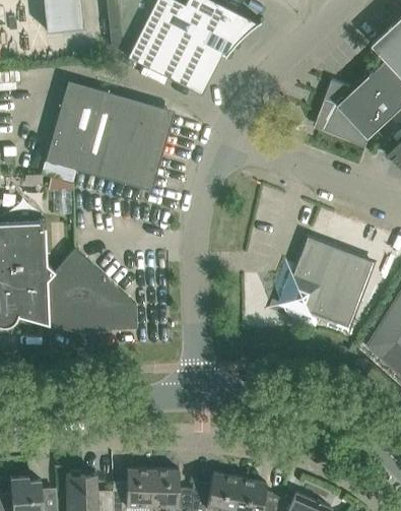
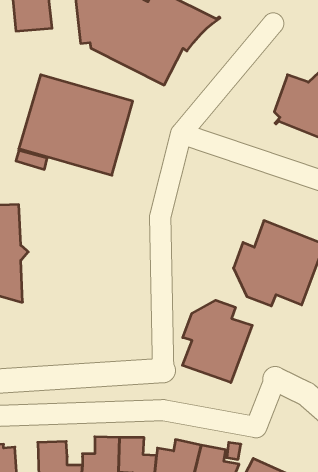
building: [48,249,137,331] -> none
building: none -> [182,300,252,383]

